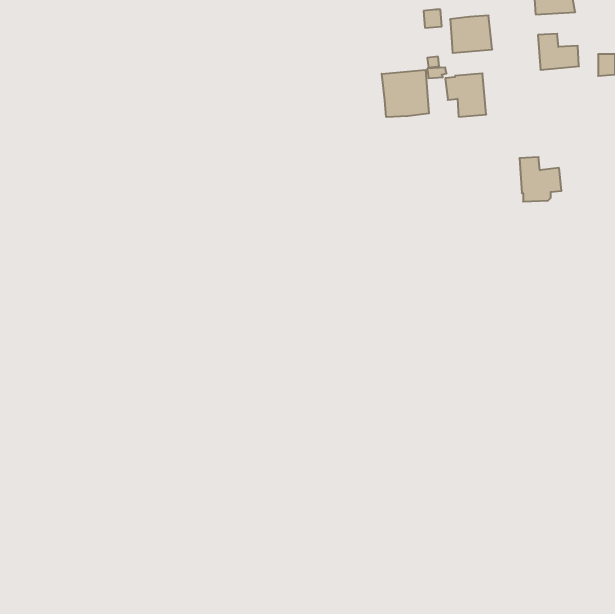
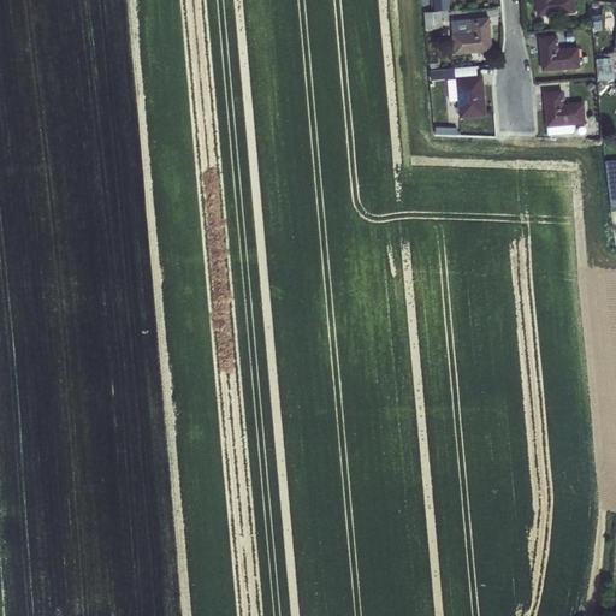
building: [382,70,429,117] -> none
building: [519,157,562,202] -> [543,89,585,134]

